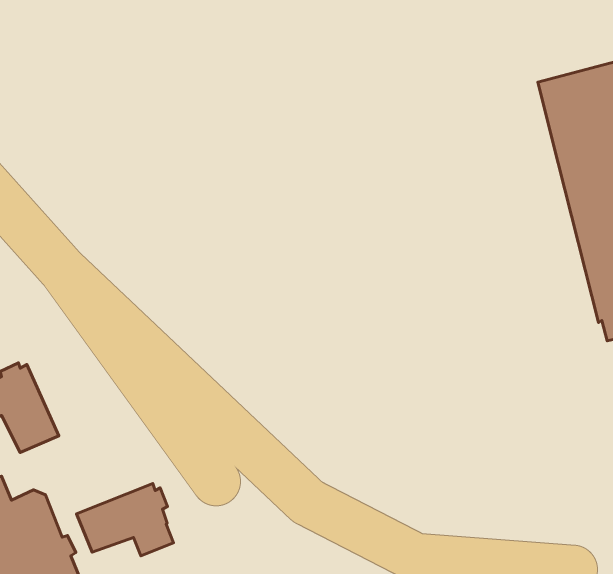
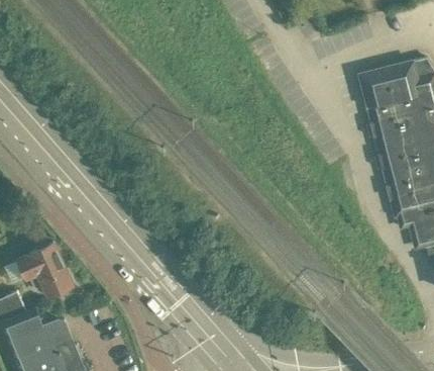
building: [76,484,173,556] -> none

